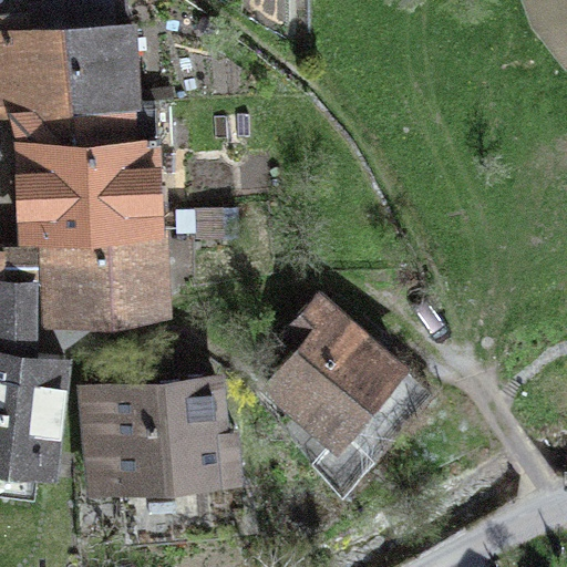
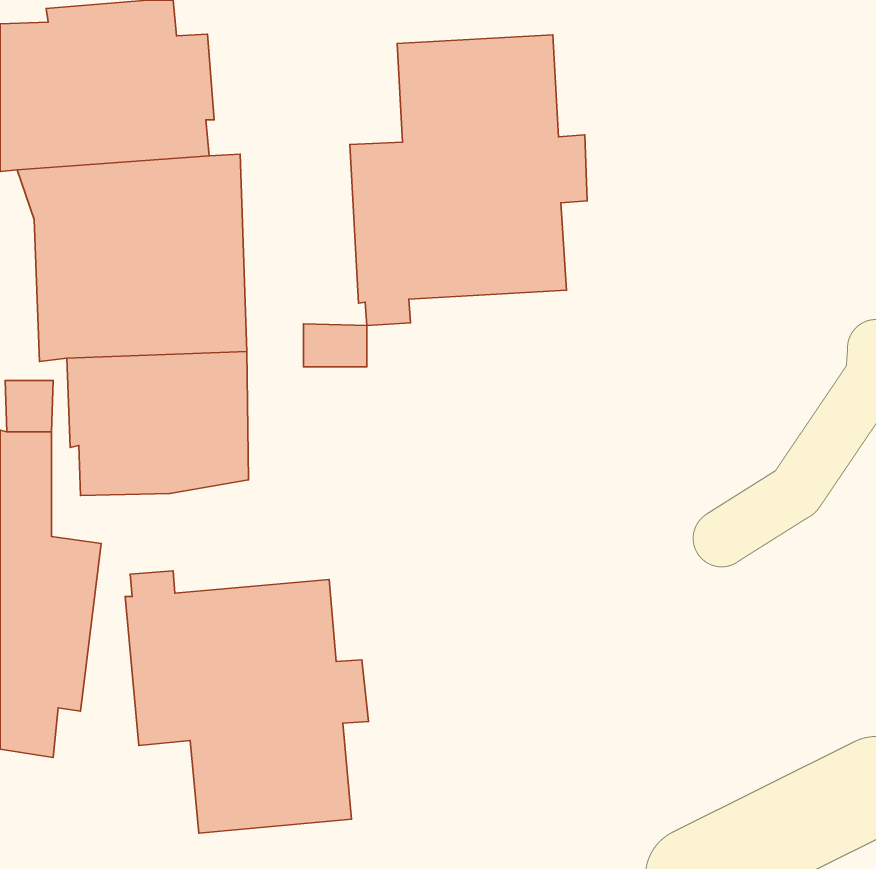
building: none -> [350,35,587,326]
building: [266,296,429,496] -> none

